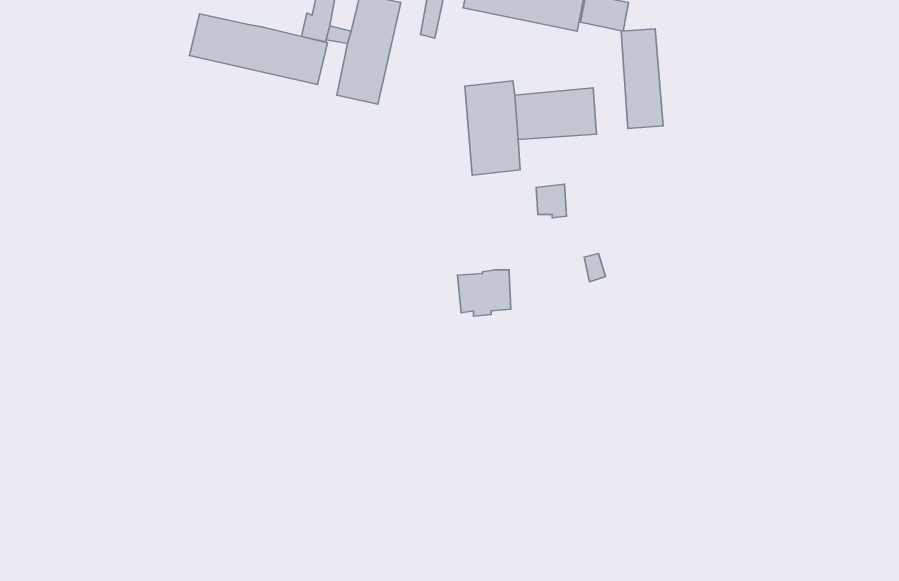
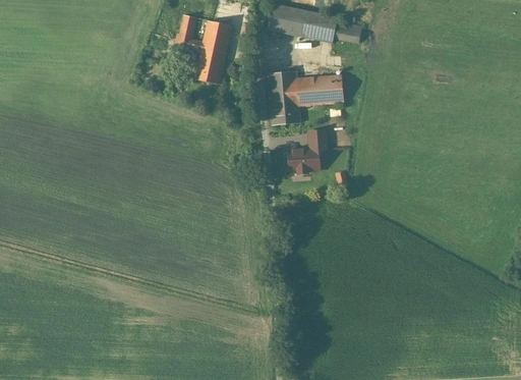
building: [190,14,328,85] -> none
building: [621,29,663,129] -> none
building: [457,270,511,316] -> [288,147,319,173]

